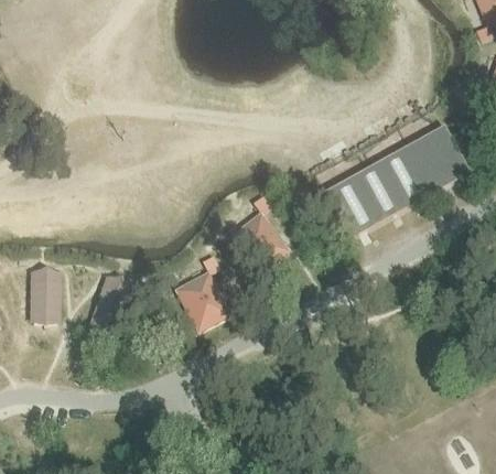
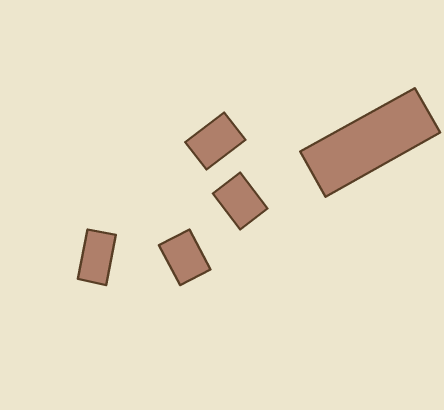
building: none -> [185,112,246,170]
building: [30,266,62,320] -> none

